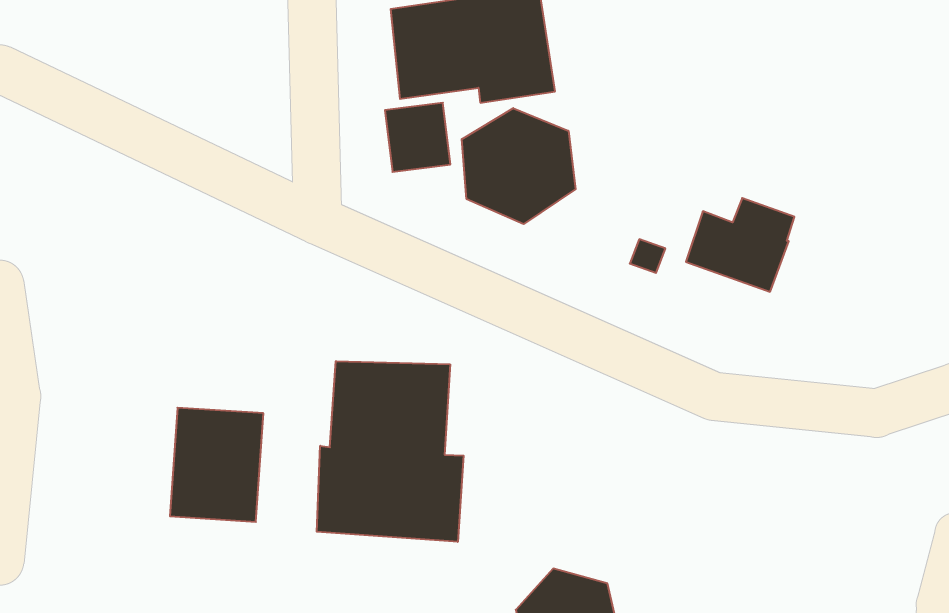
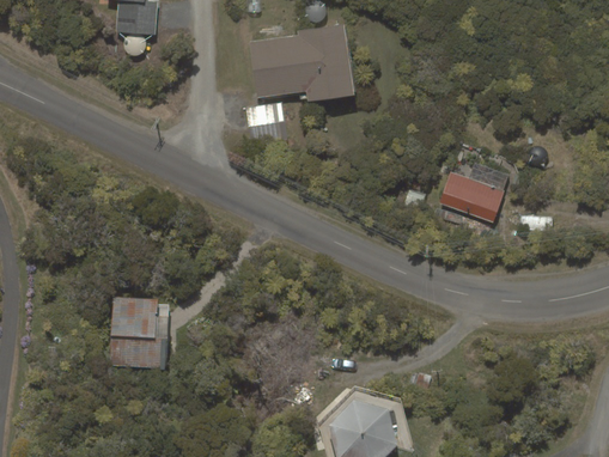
building: [462,108,576,224] -> none
building: [317,361,464,542] -> none

